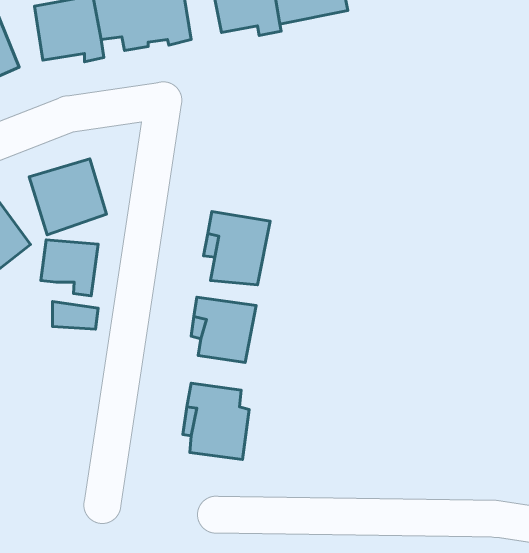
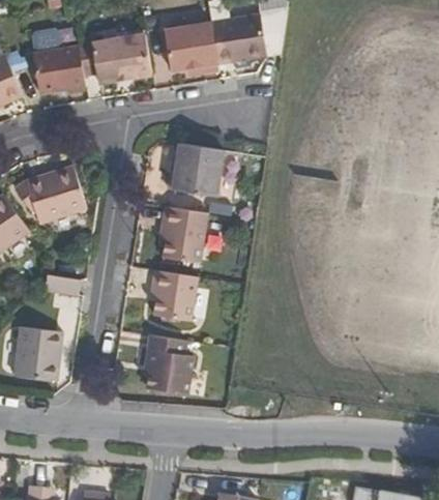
building: none -> [169,144,226,198]
building: [41,240,98,296] -> none
building: none -> [13,324,64,379]

